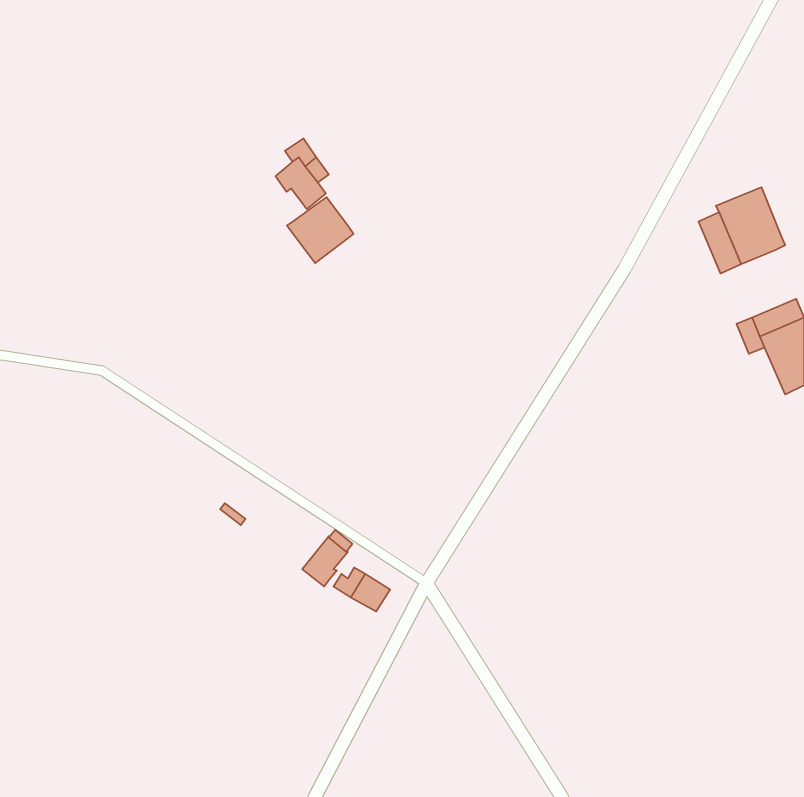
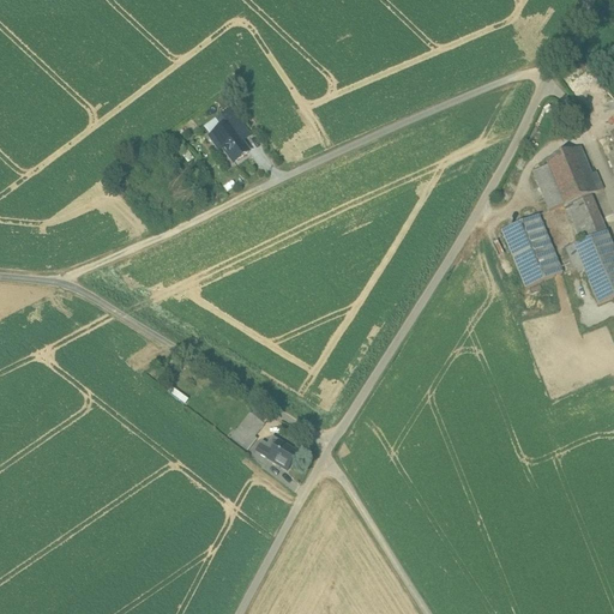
building: [287,197,353,263] -> none
building: none -> [565,191,606,239]
building: none -> [501,212,562,285]

